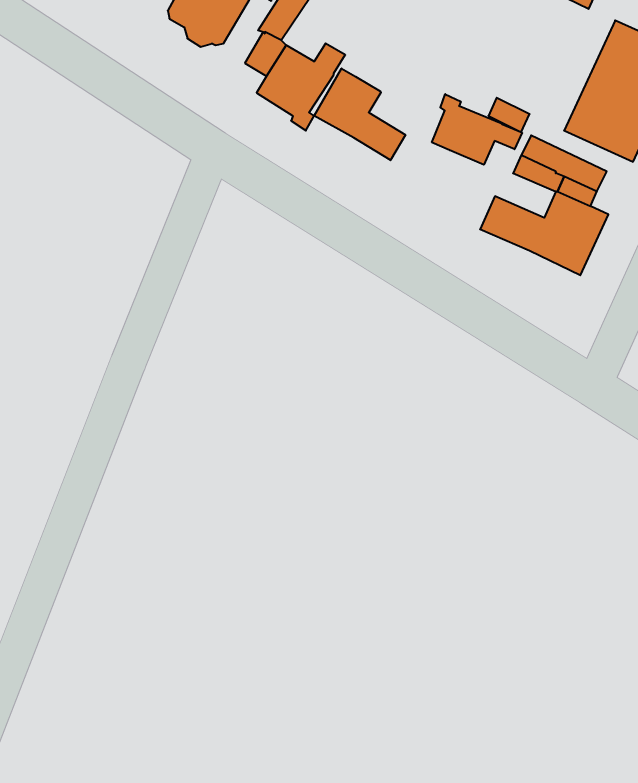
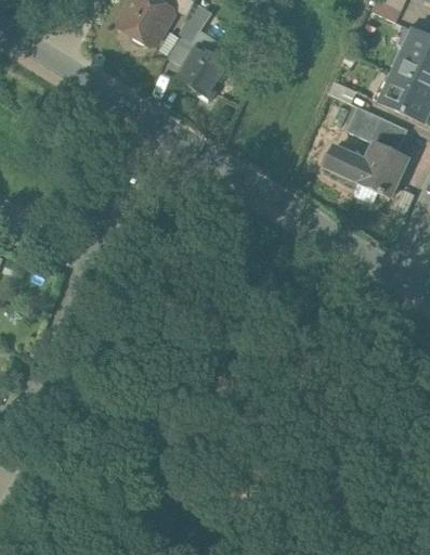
building: [314,68,405,160] -> none
building: [432,94,522,165] -> none

